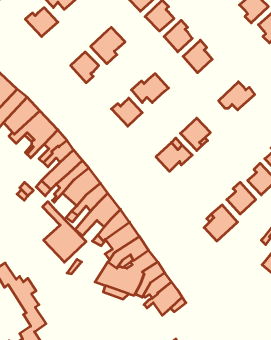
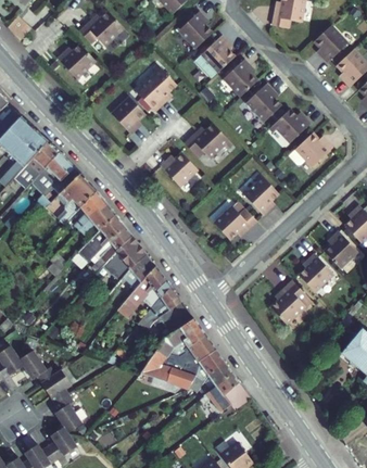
building: none -> [271,109,309,142]
building: [43,202,86,262] -> none

